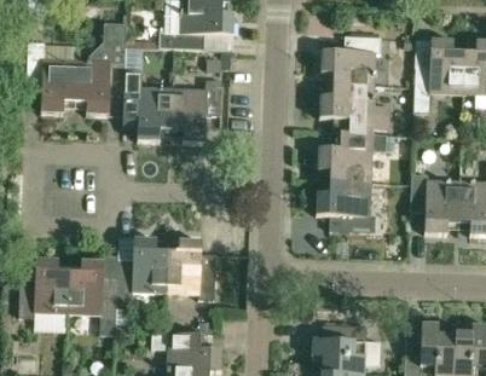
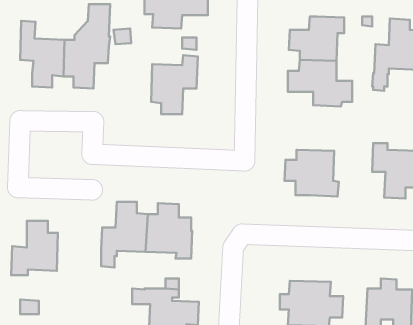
building: [123,69,173,141] -> none
building: [318,133,386,183] -> none
building: [69,260,117,336] -> none

